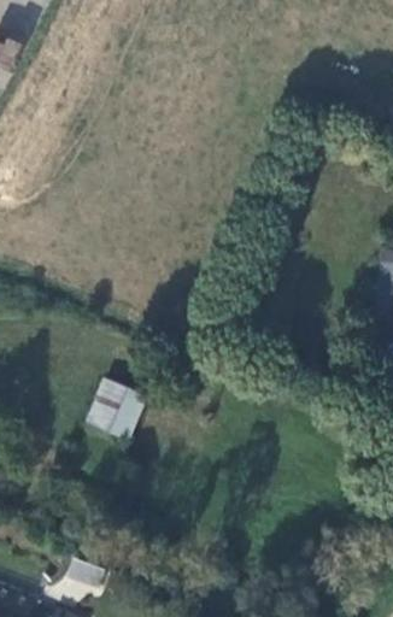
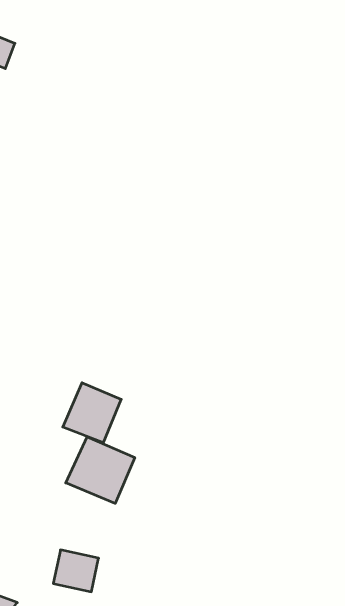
building: none -> [66,437,135,503]

